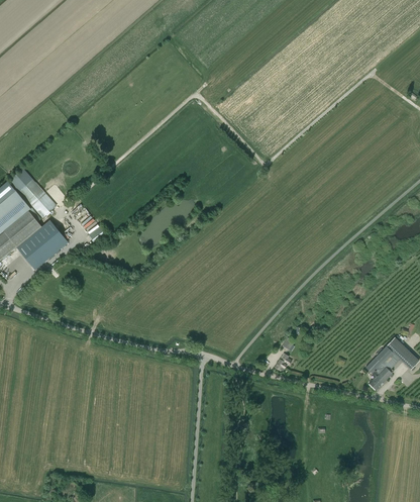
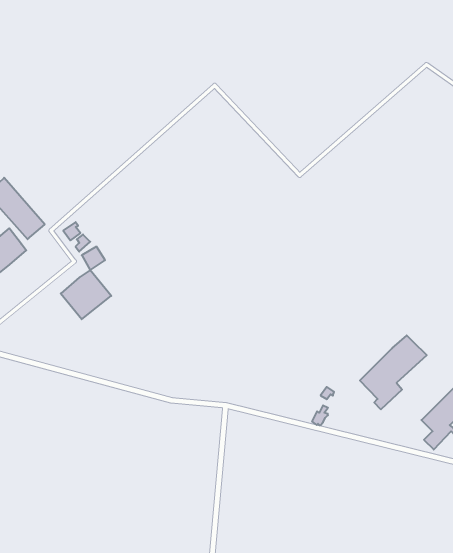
building: [26,221,68,262] -> [61,270,111,319]
building: none -> [360,335,427,409]

